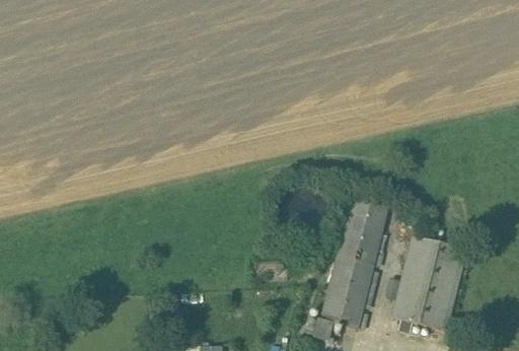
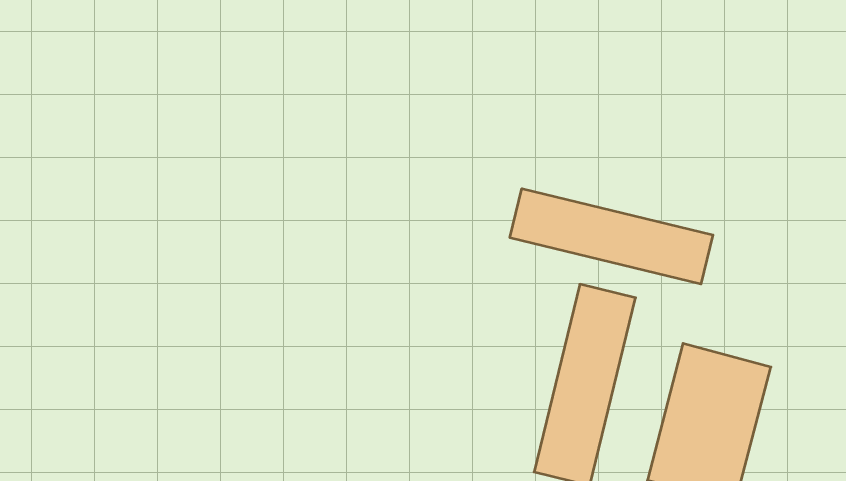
building: none -> [510,189,713,284]

